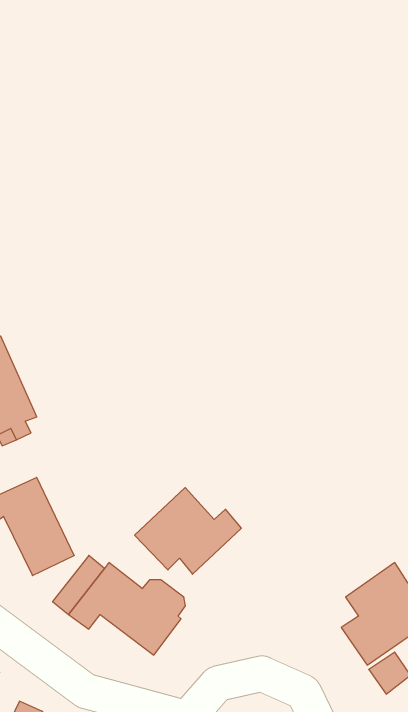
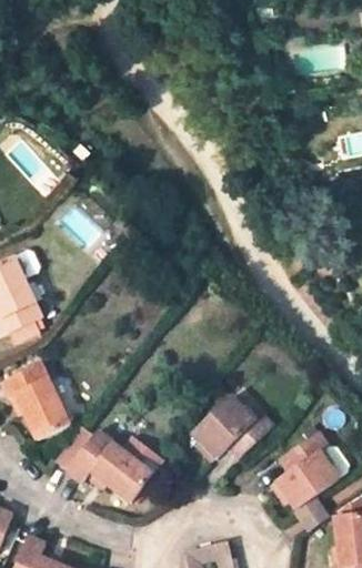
building: [135,488,241,574] -> [191,398,273,465]

